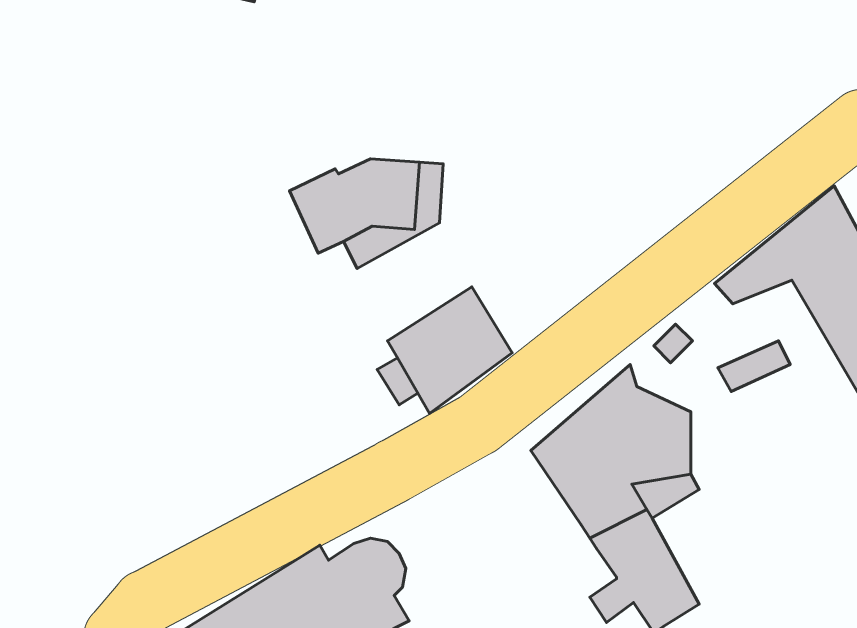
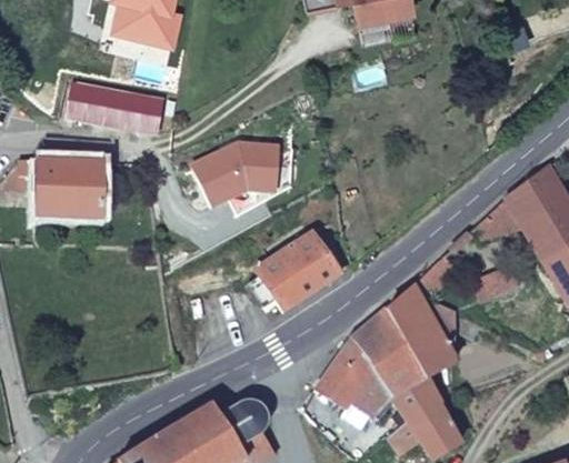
building: none -> [66,81,160,137]
building: none -> [16,159,101,221]
building: none -> [317,338,395,420]

